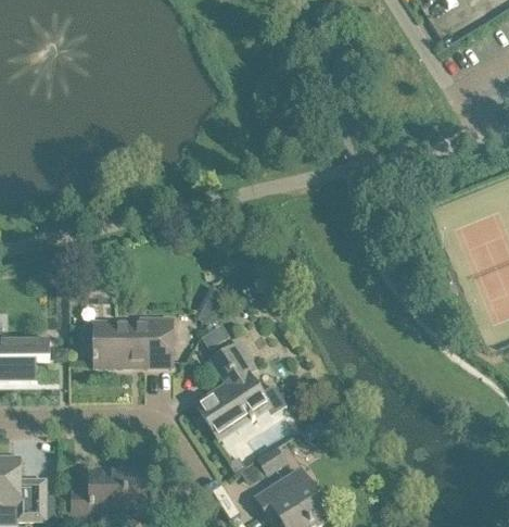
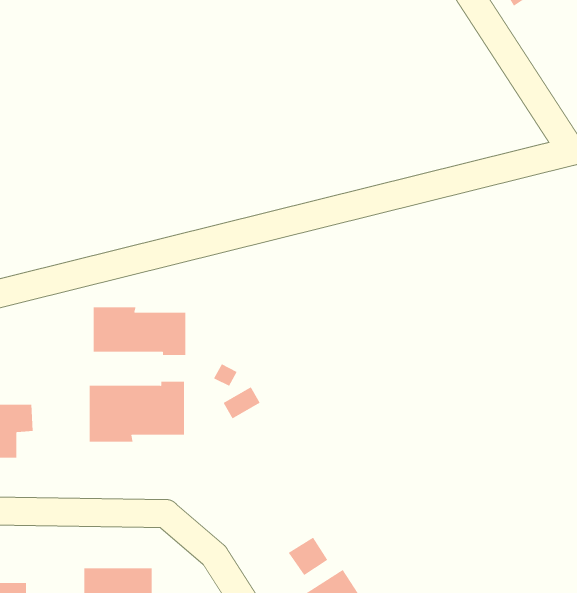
building: none -> [93,307,186,356]
building: [195,342,285,438] -> none

